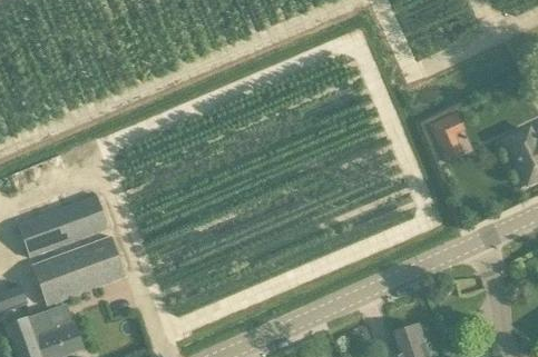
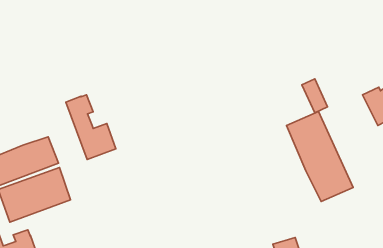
building: none -> [66,95,116,159]
building: none -> [287,112,353,202]

